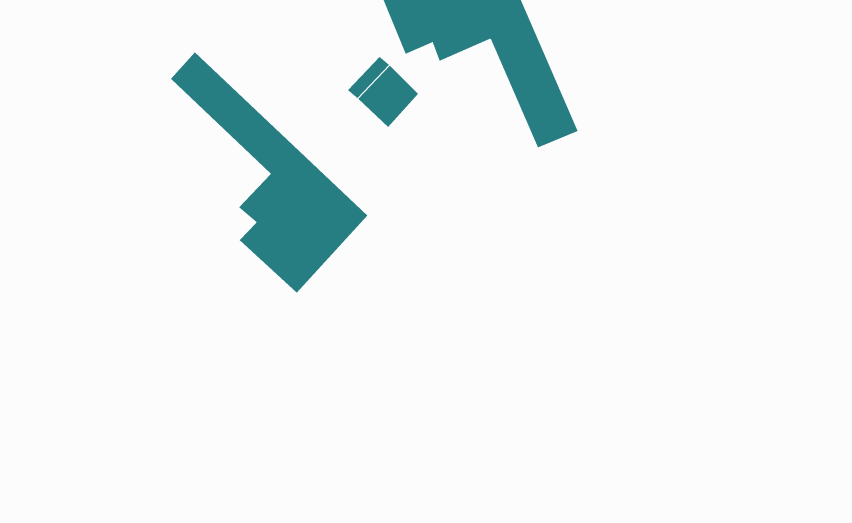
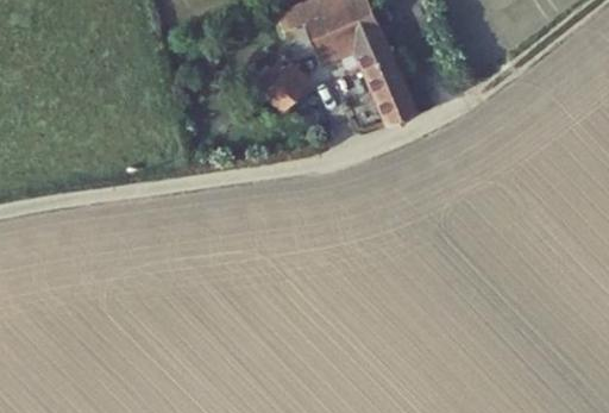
building: [170,52,368,293] -> none

